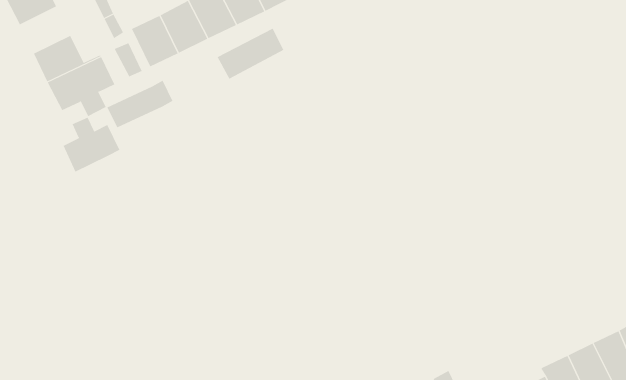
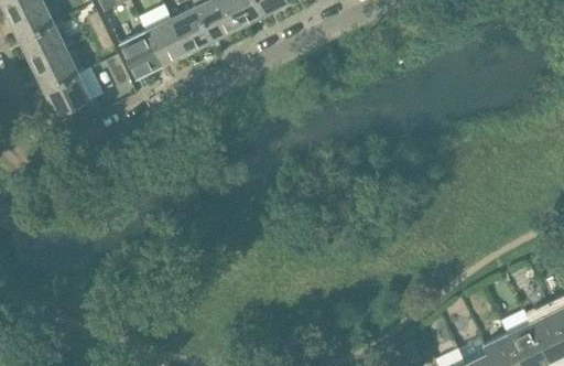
building: none -> [21,23,66,65]
building: [217,28,284,80] -> none
building: [106,80,173,128] -> none
building: [63,117,120,172] -> none

